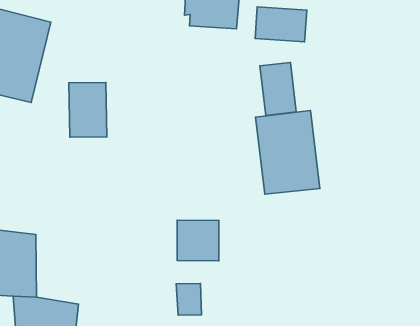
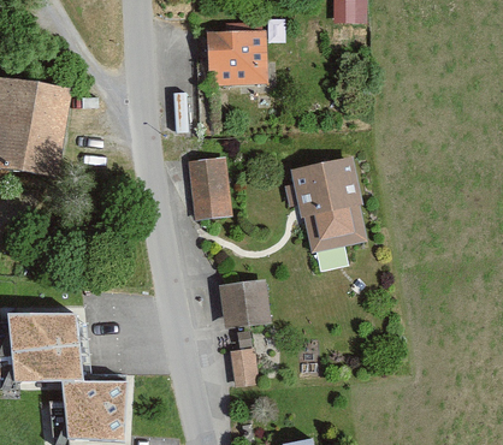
building: [255,7,307,42] -> none
building: [260,62,296,115] -> none
building: [69,82,107,137] -> [187,156,231,216]

